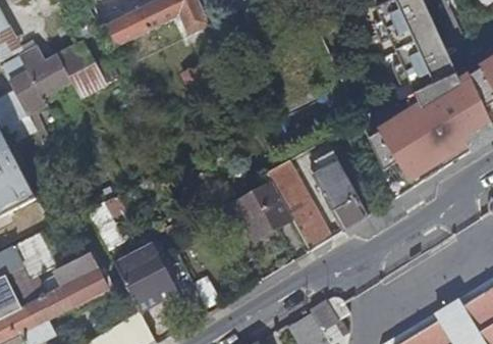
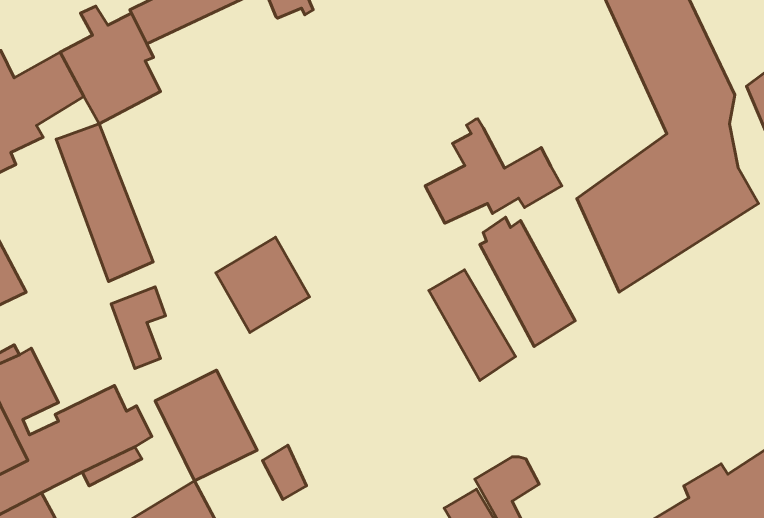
building: none -> [425,119,562,223]
building: none -> [56,124,153,282]
building: [236,182,292,239] -> [216,237,309,333]

